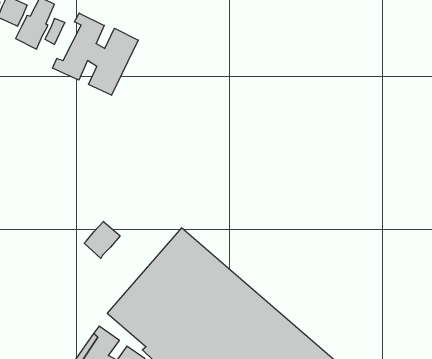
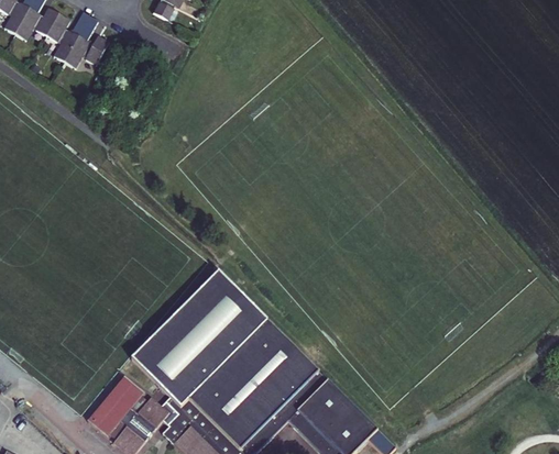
building: [53,13,138,95] -> none
building: [84,221,120,258] -> none

